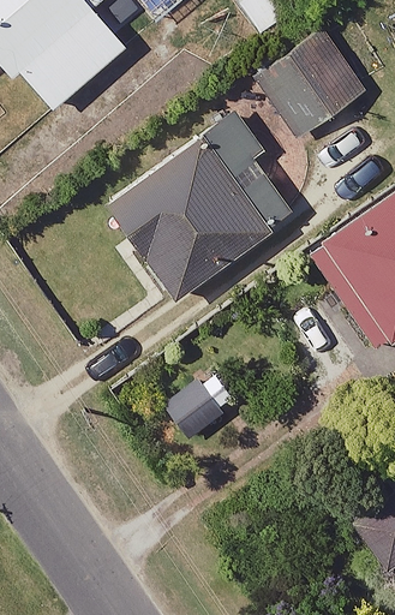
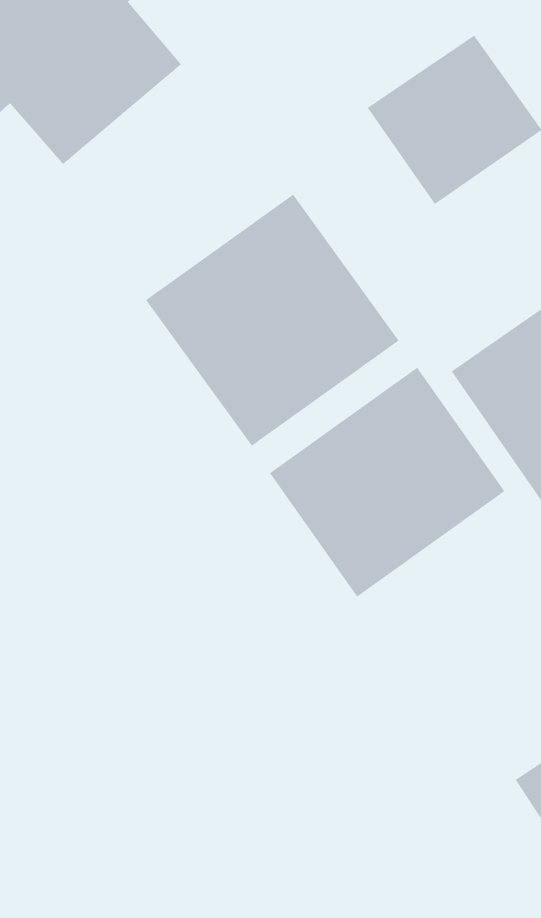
building: none -> [269,367,505,598]

